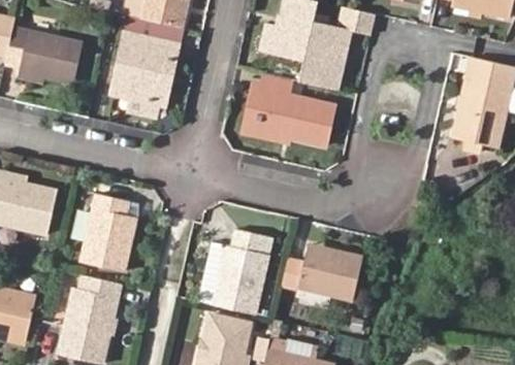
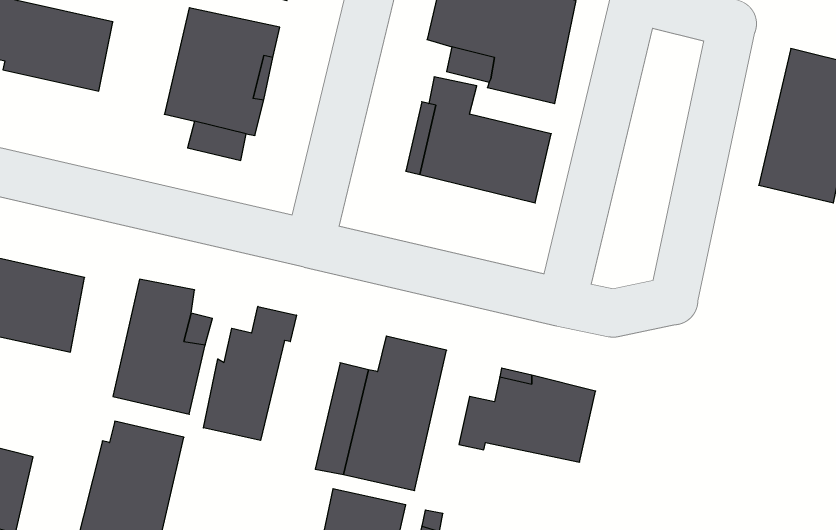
building: none -> [203,306,296,440]

